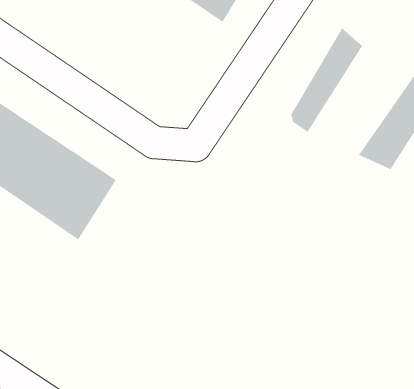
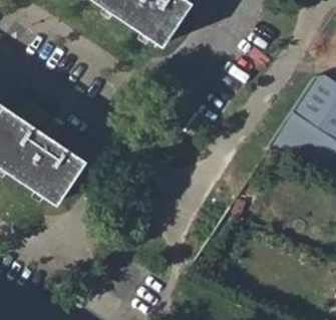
building: [290,27,363,133] -> none

